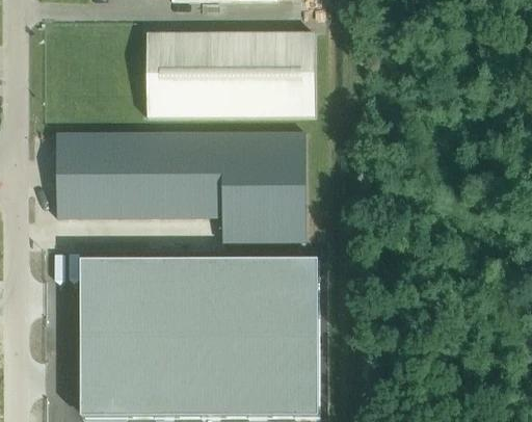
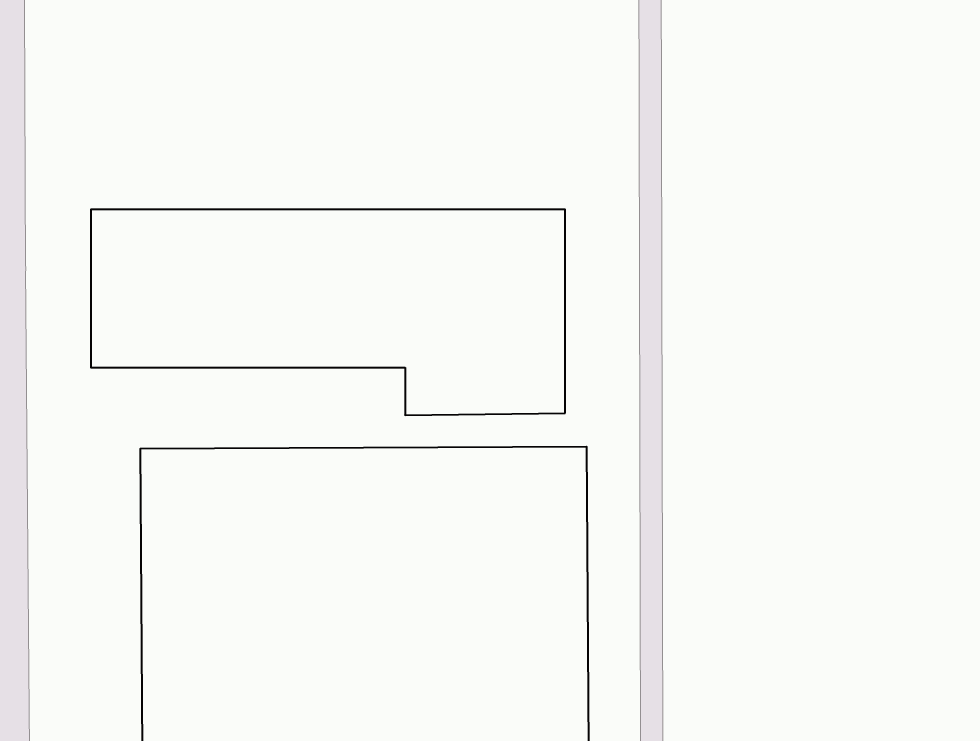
building: [145,32,314,116] -> none

